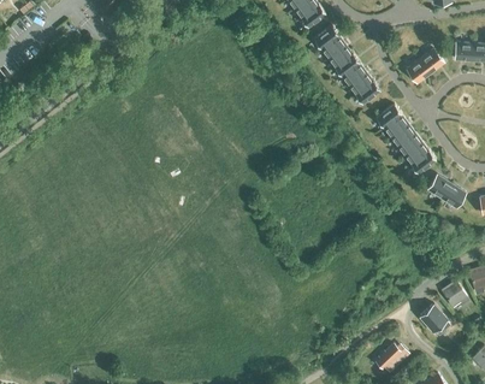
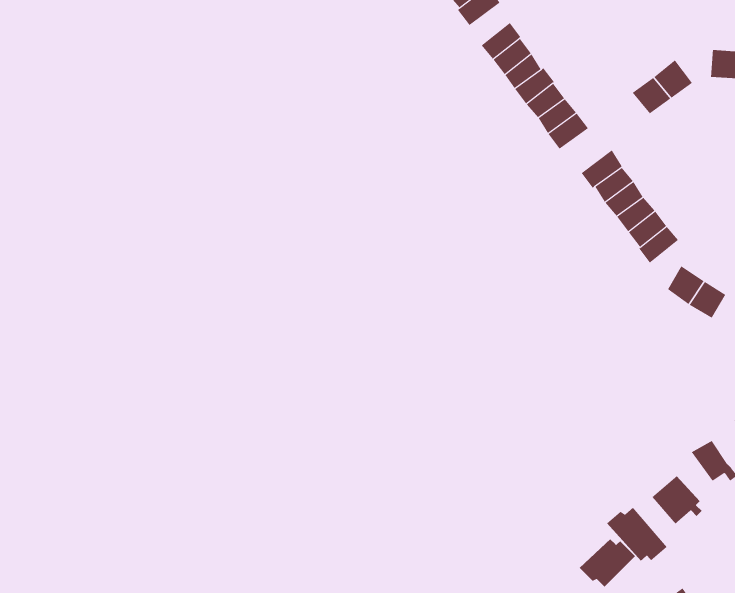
building: none -> [606,507,668,562]

